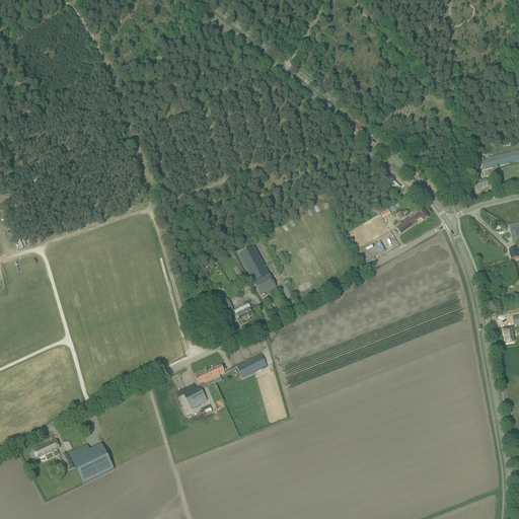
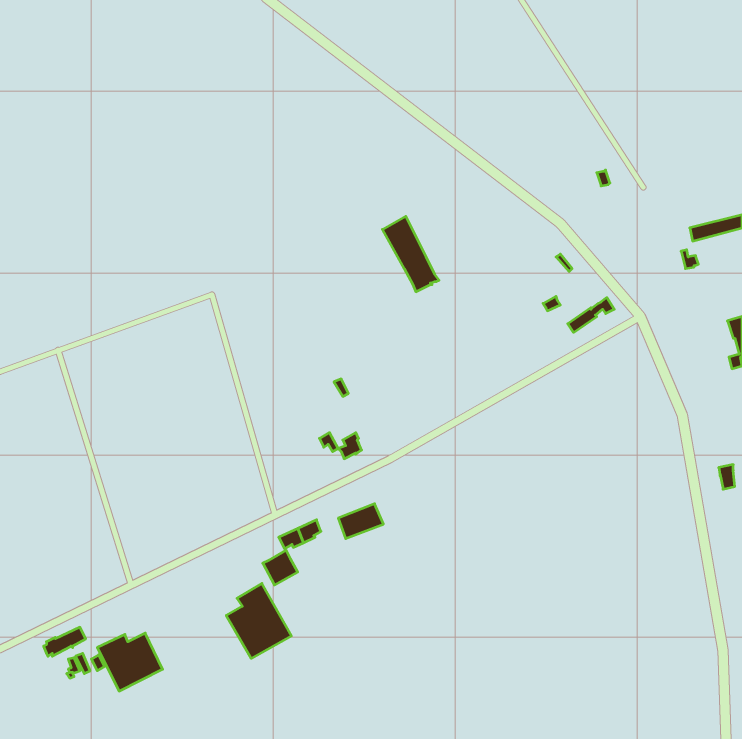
building: [238,244,278,297] -> [382,216,439,292]
building: none -> [226,583,291,658]

